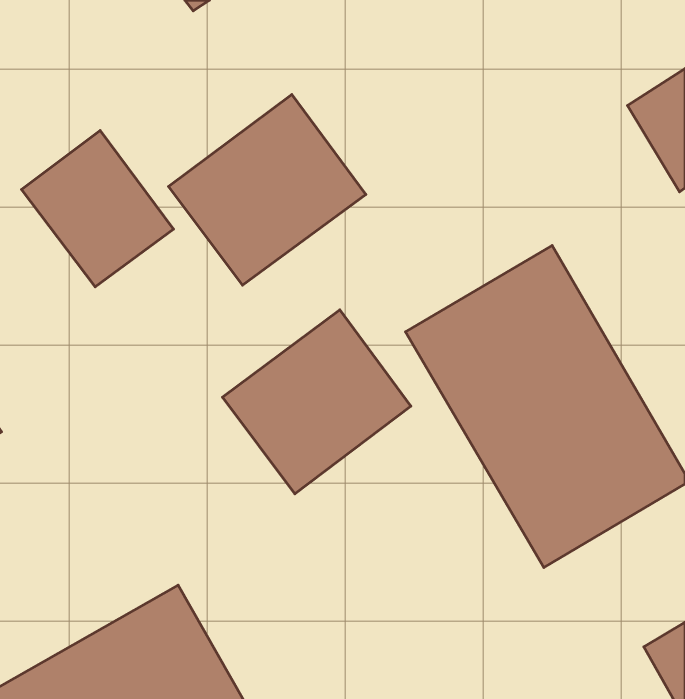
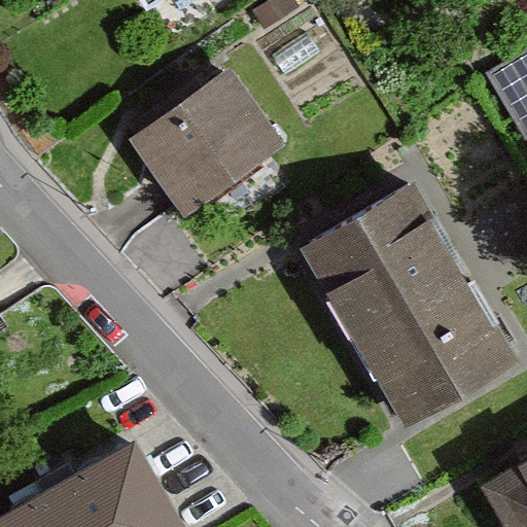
building: [21,131,173,287] -> none
building: [222,310,411,494] -> none

